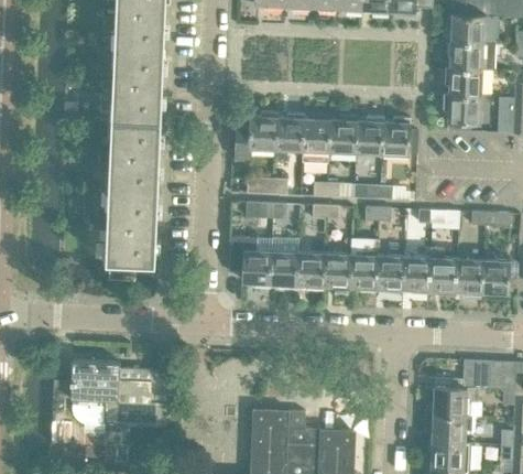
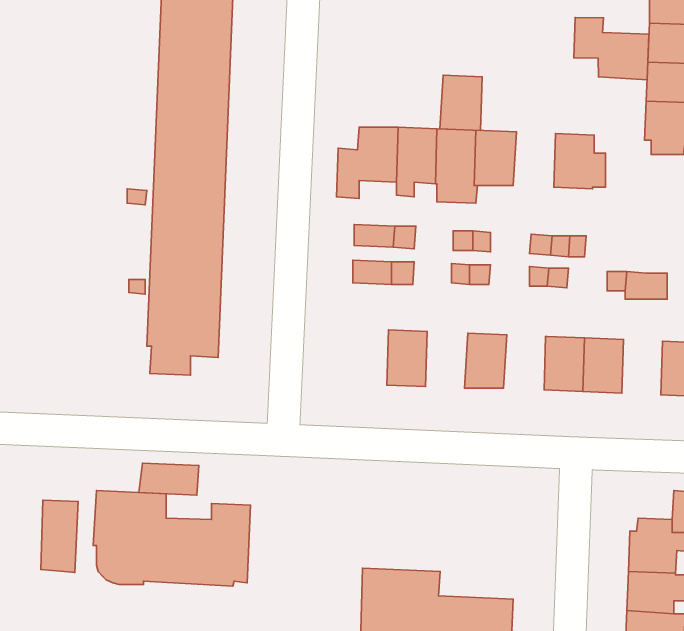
building: none -> [574,17,649,80]
building: [355,115,383,152] -> [440,75,482,130]
building: [230,236,270,287] -> none
building: [348,238,379,290] -> none
building: [295,250,324,289] -> none
building: [428,256,456,293] -> none
building: none -> [139,463,199,495]
building: none -> [41,500,78,572]

